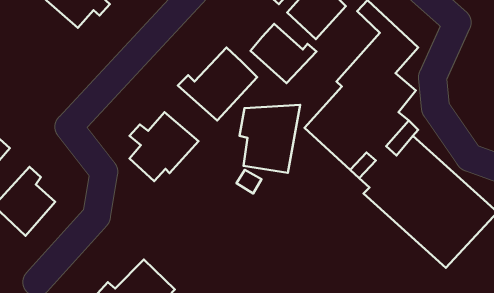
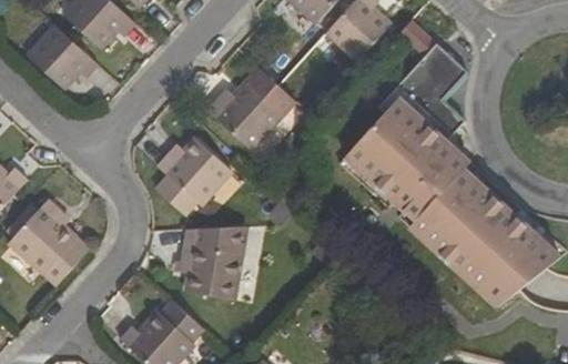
building: none -> [29,27,98,89]
building: [251,24,317,83] -> none
building: [239,105,300,173] -> [181,225,246,299]

